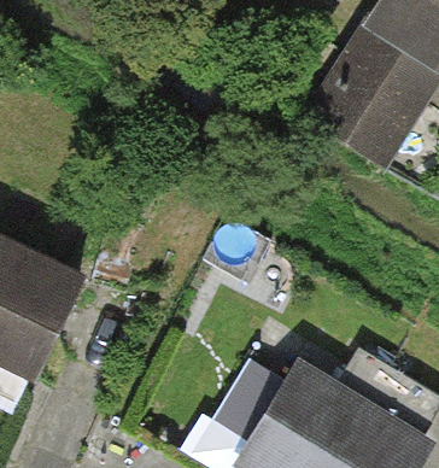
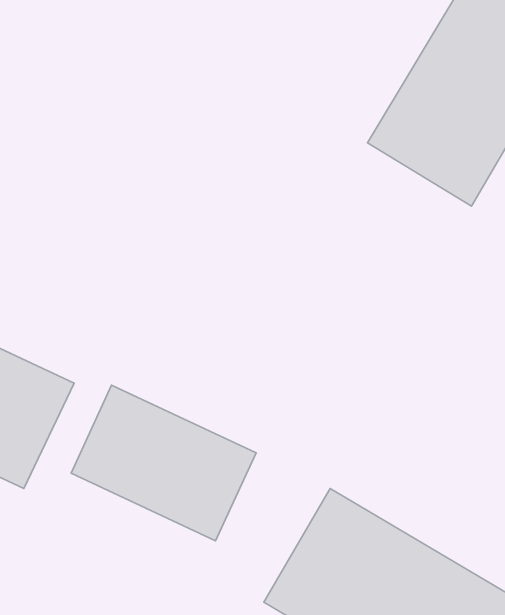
building: none -> [71,385,256,541]

